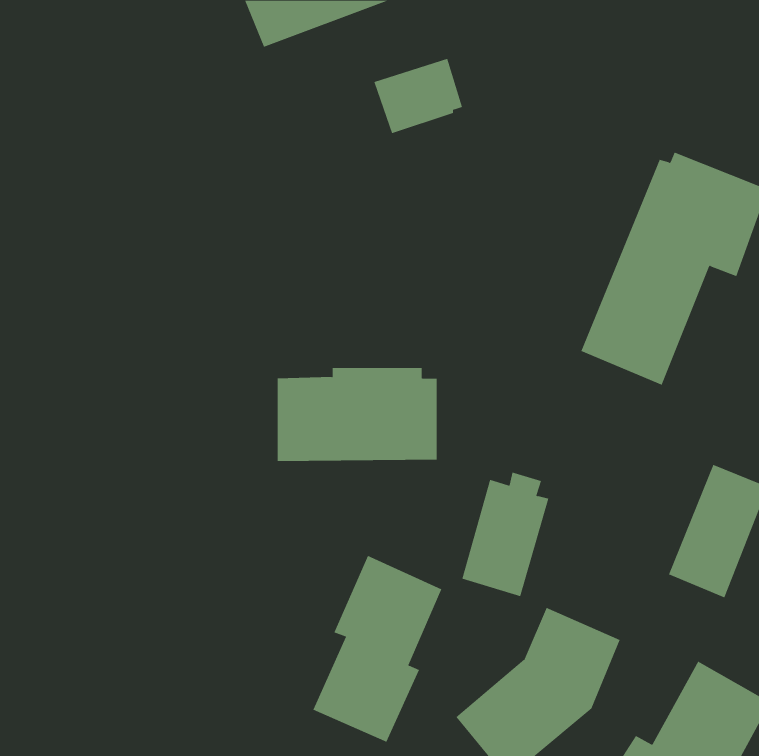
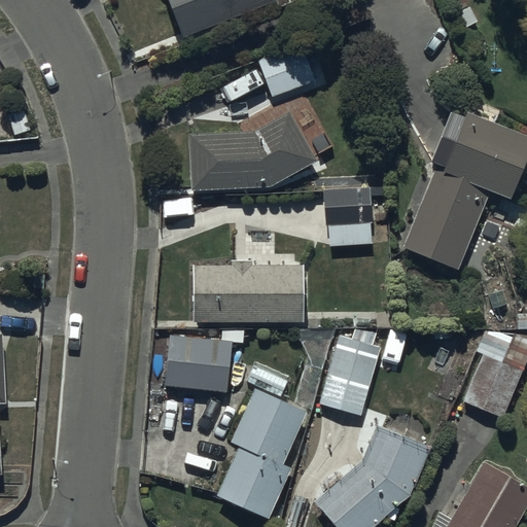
building: none -> [189,111,318,189]
building: none -> [324,188,373,246]
building: none -> [166,335,232,391]

